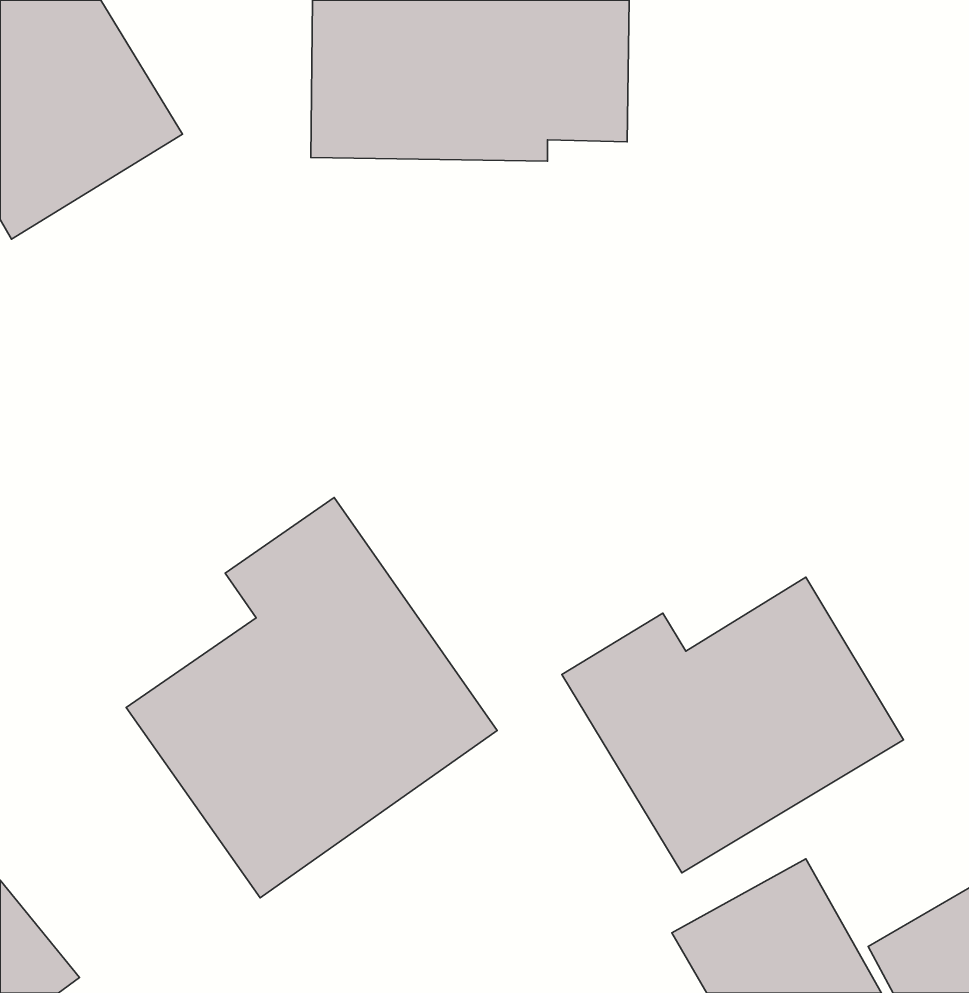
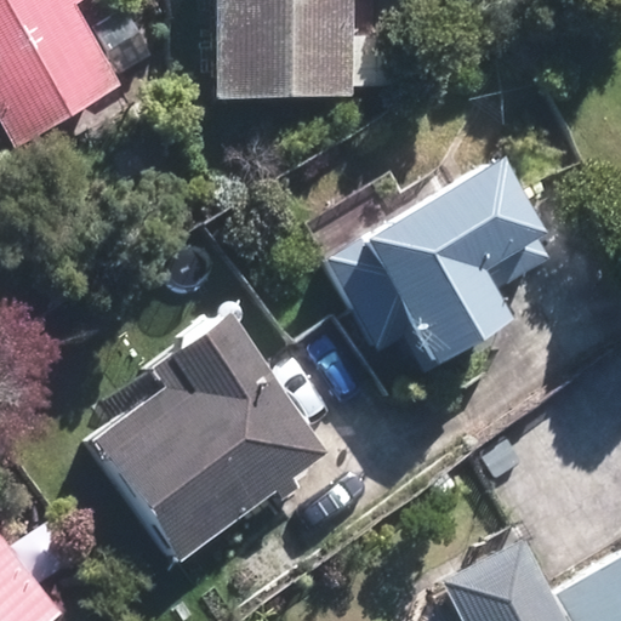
building: none -> [326,153,547,359]
building: [562,577,903,873] -> none

